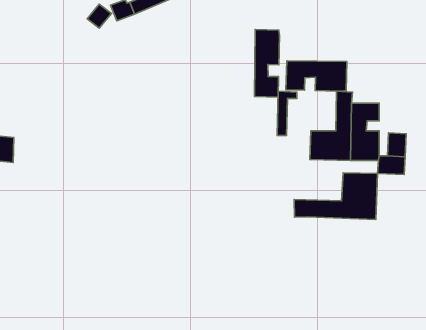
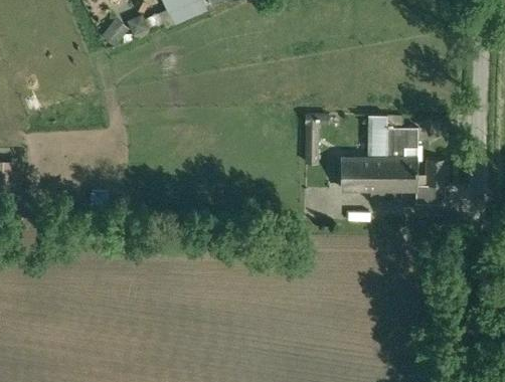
building: [254,30,279,97] -> none
building: [286,61,347,91] -> none
building: [294,173,377,219] -> none

